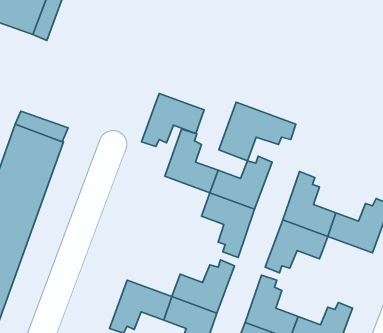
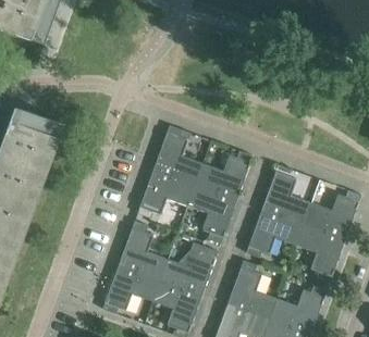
building: [142,93,204,146] -> [137,167,195,216]
building: [219,102,296,161] -> none
building: none -> [119,220,168,278]
building: none -> [296,223,345,282]

